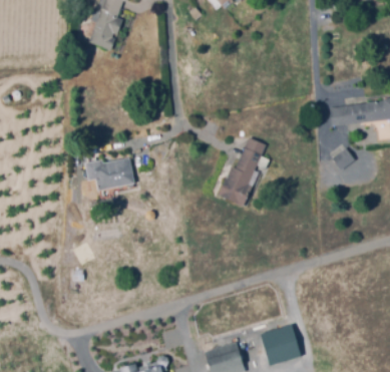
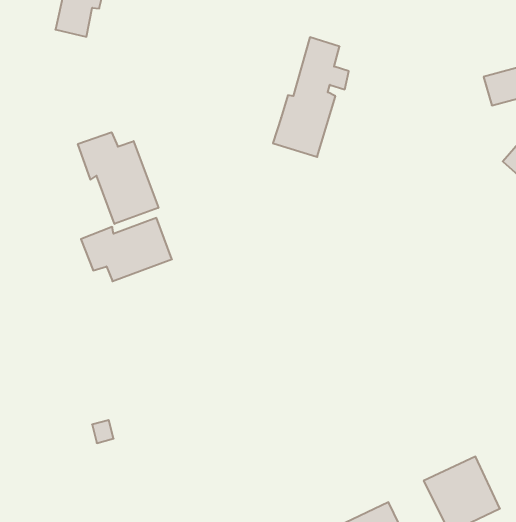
building: none -> [78,132,158,224]
building: [219,136,269,206] -> [273,37,349,157]

